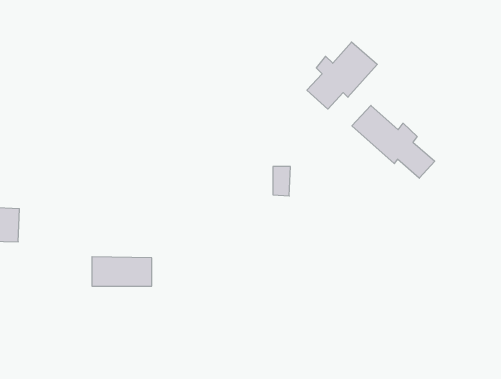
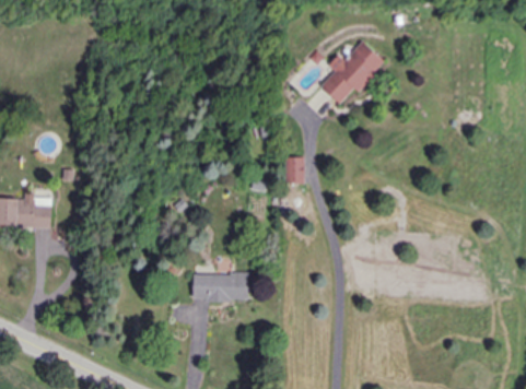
building: [352,105,435,178] -> none
building: [92,257,152,286] -> [192,273,248,300]

